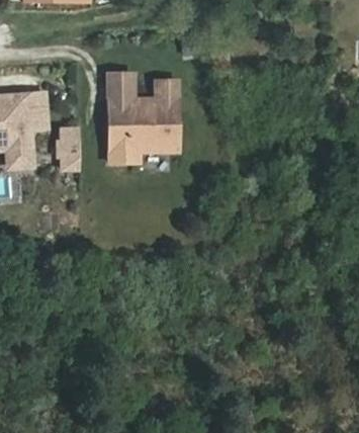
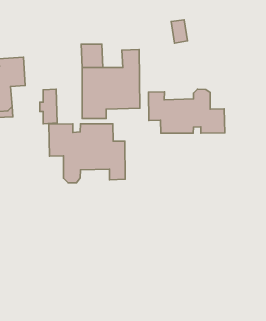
building: none -> [149,89,225,133]
building: none -> [49,124,125,183]

